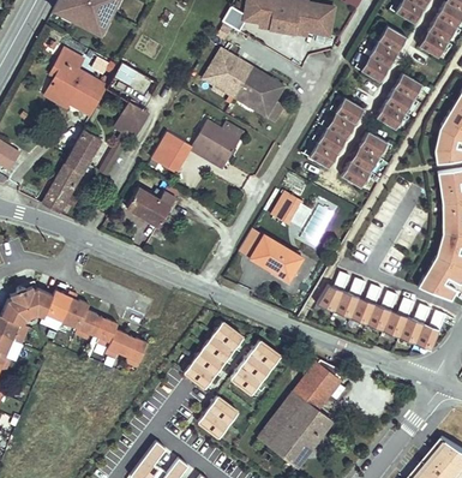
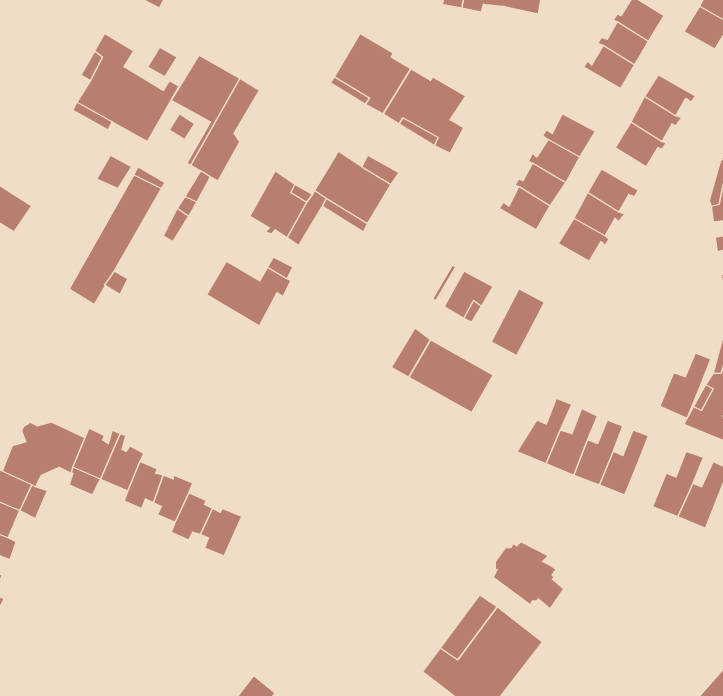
building: [383,298,414,337] -> [660,353,711,418]
building: [184,323,242,390] -> none
building: [230,342,281,395] -> none
building: [194,398,235,440] -> none

